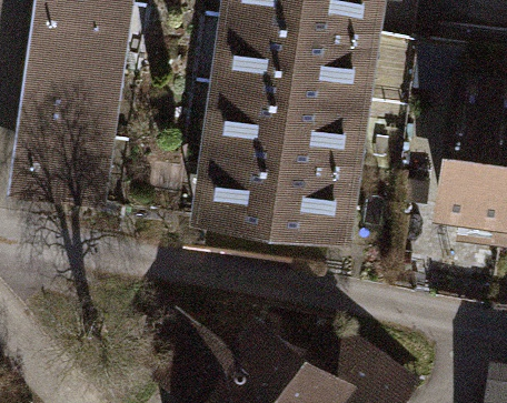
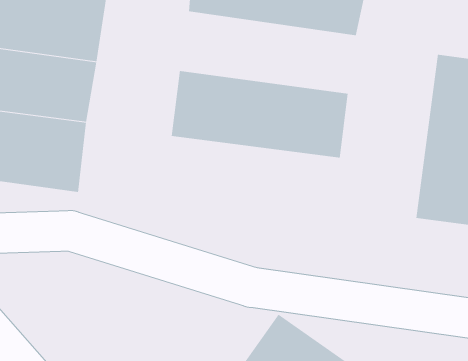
building: [206,29,377,108] -> none
building: [188,149,361,243] -> none

